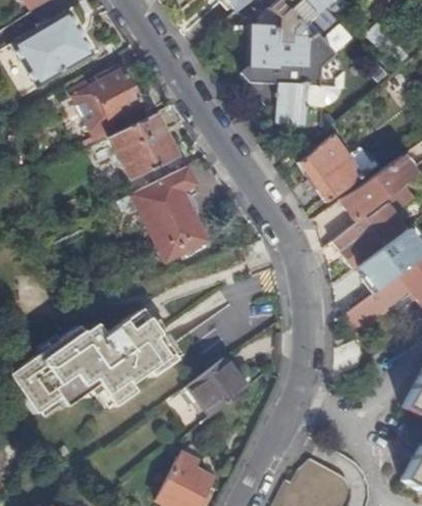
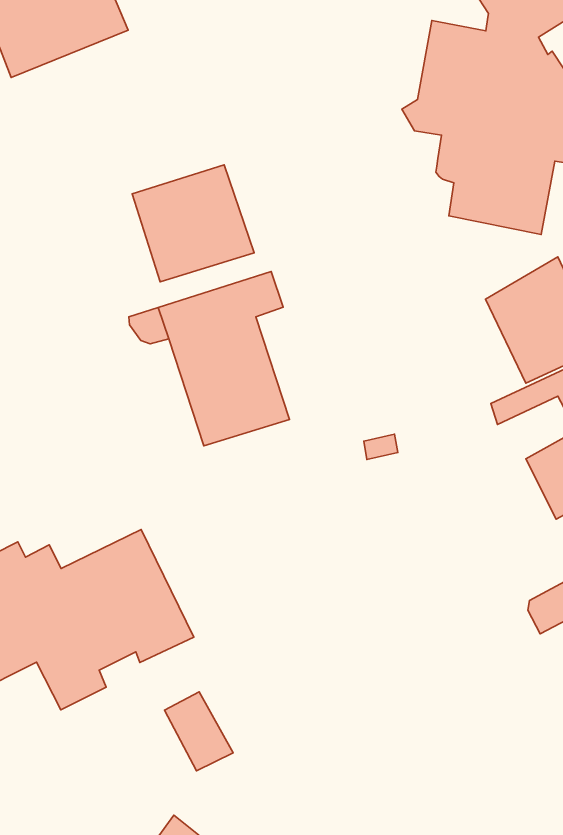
building: [73,68,148,142] -> none
building: [188,358,248,417] -> none

